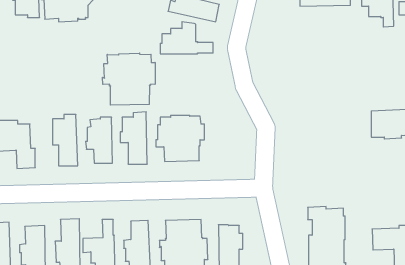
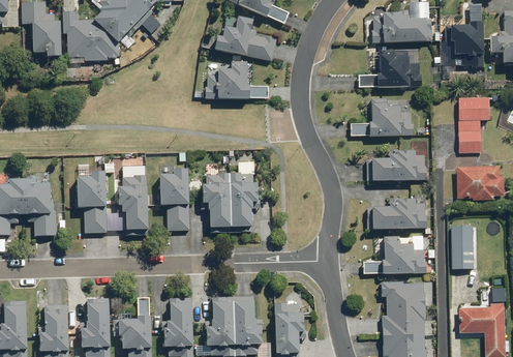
building: none -> [358,49,421,87]
building: none -> [350,97,413,136]
building: none -> [457,97,488,152]
building: [103,53,155,105] -> none
building: none -> [366,148,426,180]
building: none -> [366,197,426,229]
building: none -> [450,225,473,269]
building: none -> [362,235,426,273]

